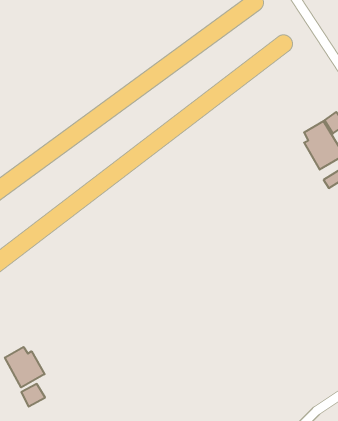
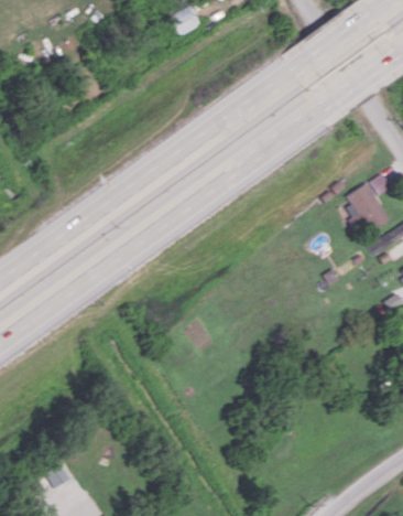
building: [5,347,45,387] -> none

